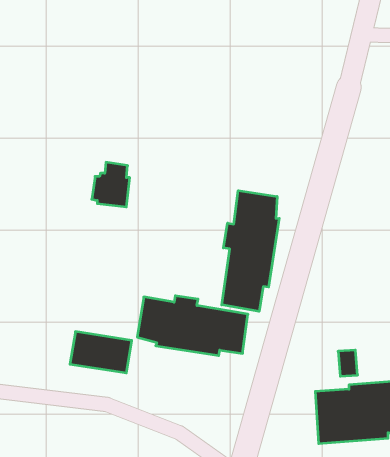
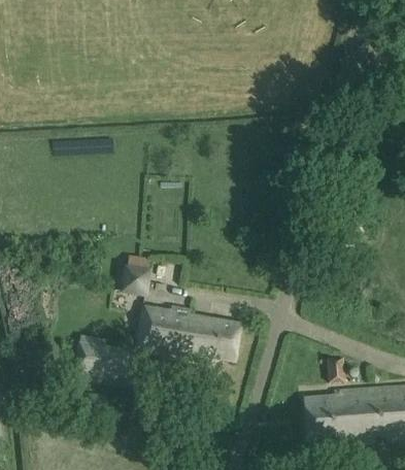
building: [92,162,130,207] -> [114,253,150,295]
building: [222,191,279,311] -> none

